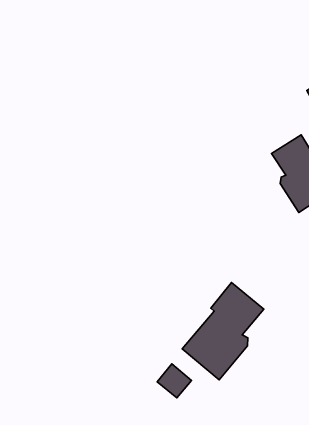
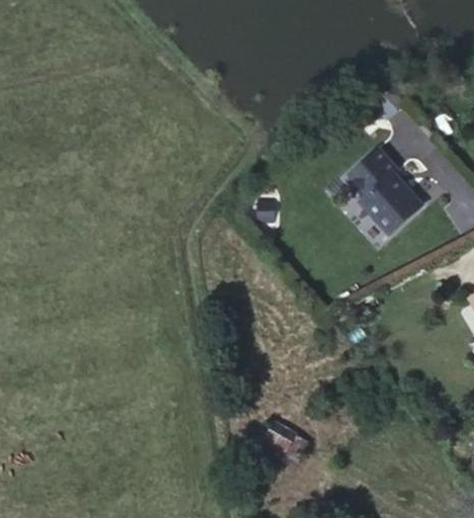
building: [182,283,264,380] -> none

